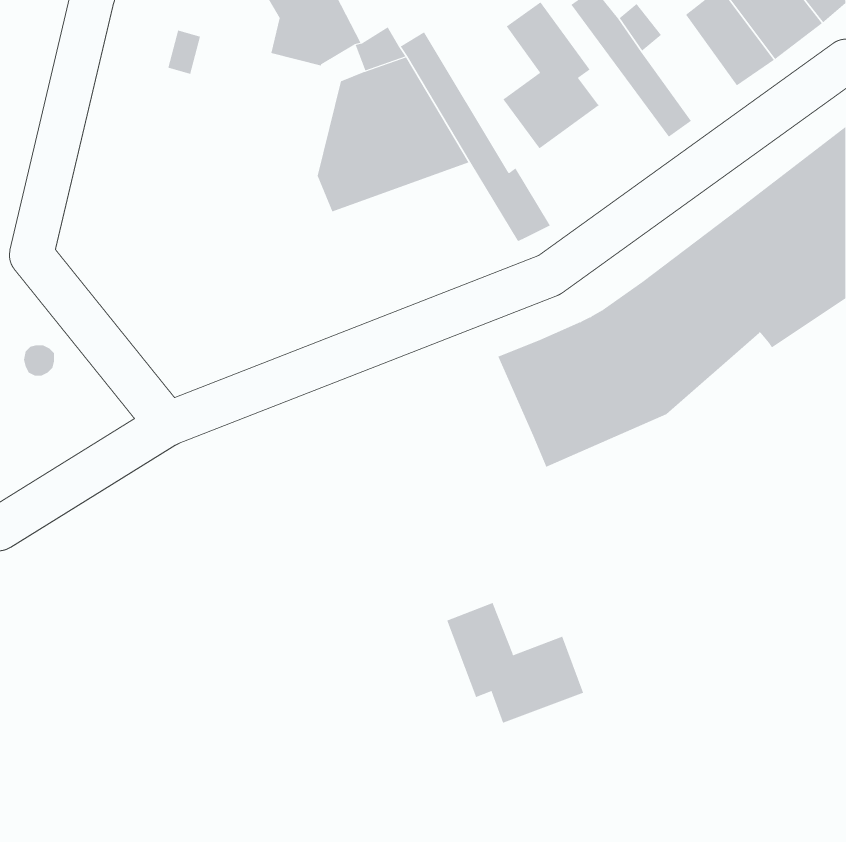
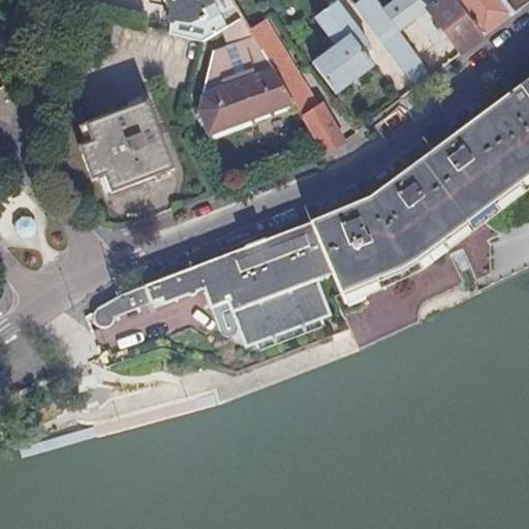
building: none -> [79,99,174,191]
building: none -> [93,222,332,338]
building: [446,602,584,724] -> none

